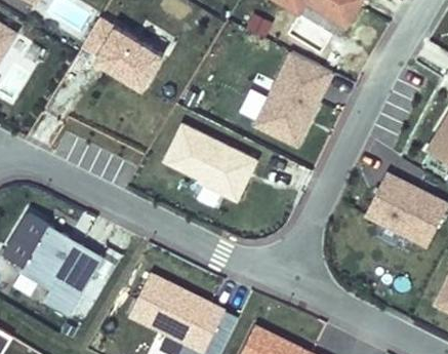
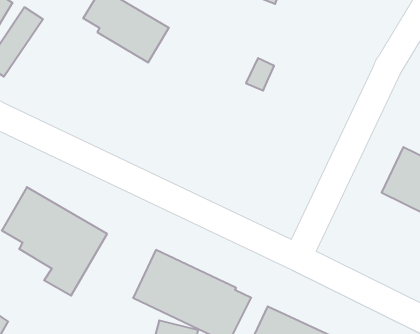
building: [253,52,330,147] -> none
building: [163,127,255,203] -> none

